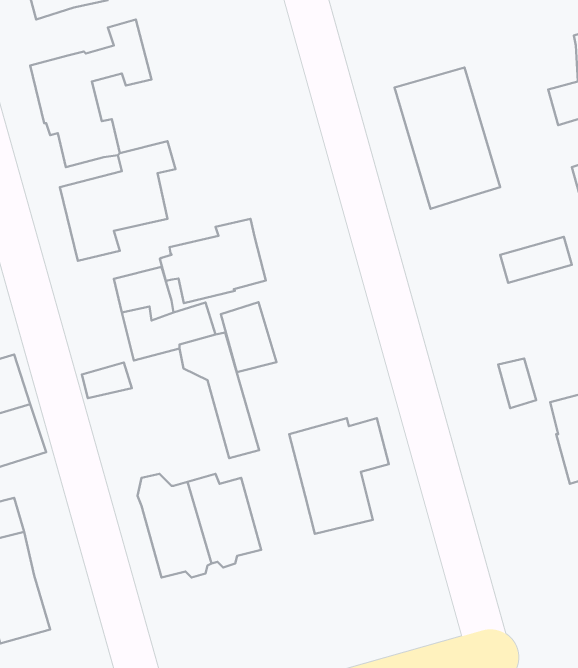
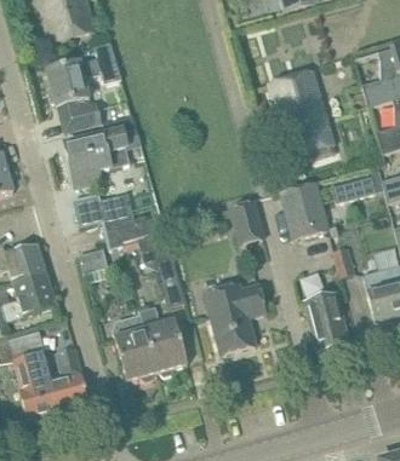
building: [160,219,266,303] -> none
building: none -> [280,181,330,238]
building: [221,302,277,372] -> [230,201,264,243]
building: none -> [304,290,350,351]
building: none -> [50,346,91,411]

